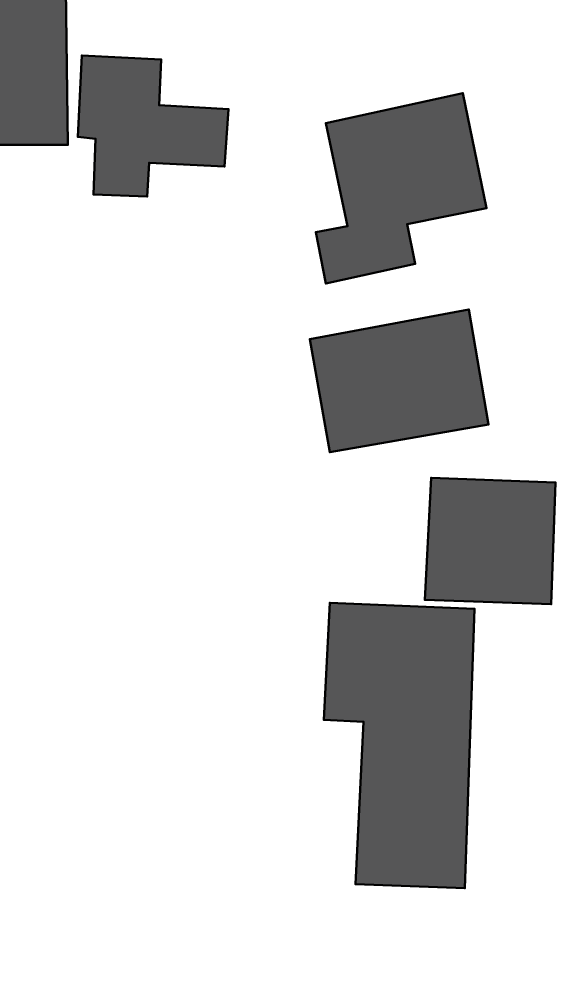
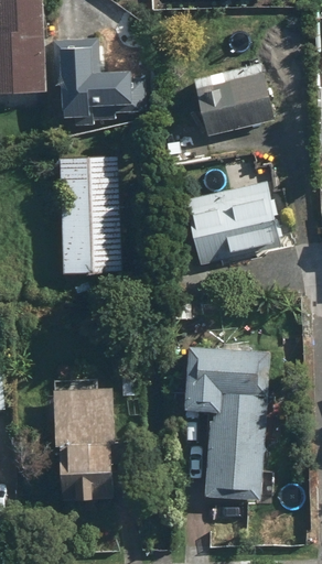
building: none -> [63,156,120,279]
building: [425,478,556,604] -> none
building: none -> [52,389,117,496]

